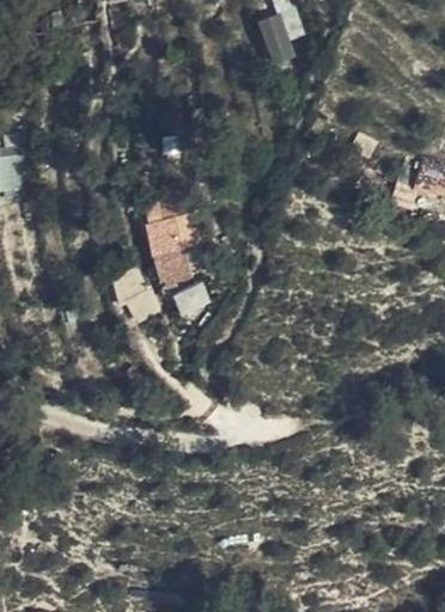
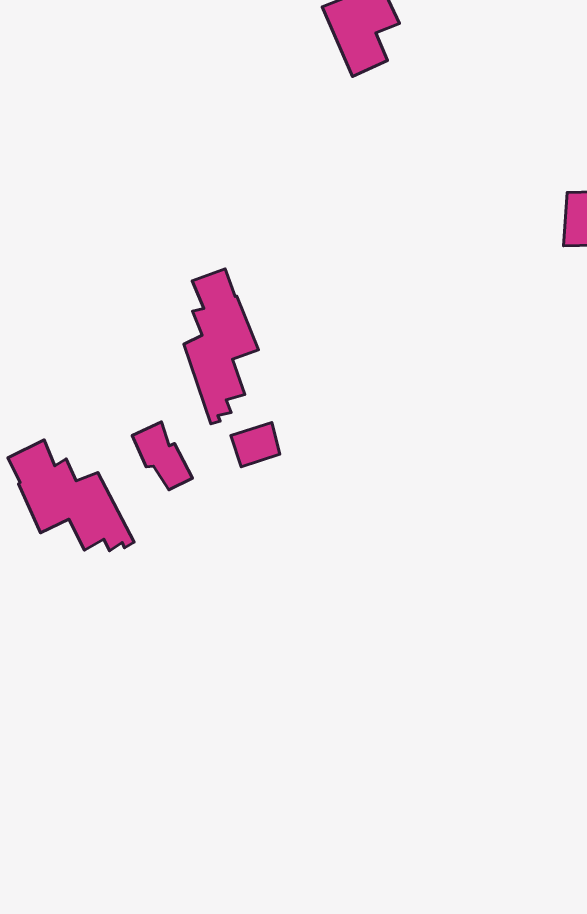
building: none -> [8,440,134,551]

